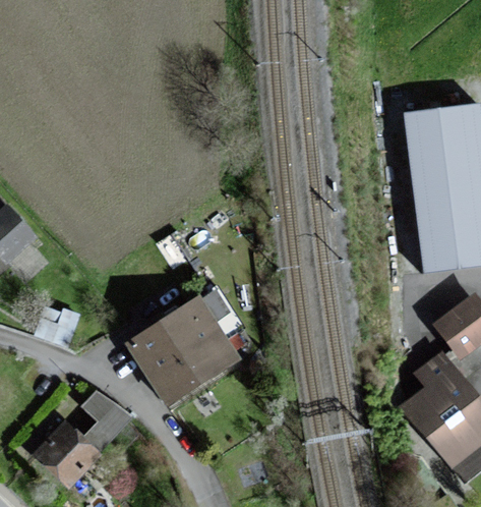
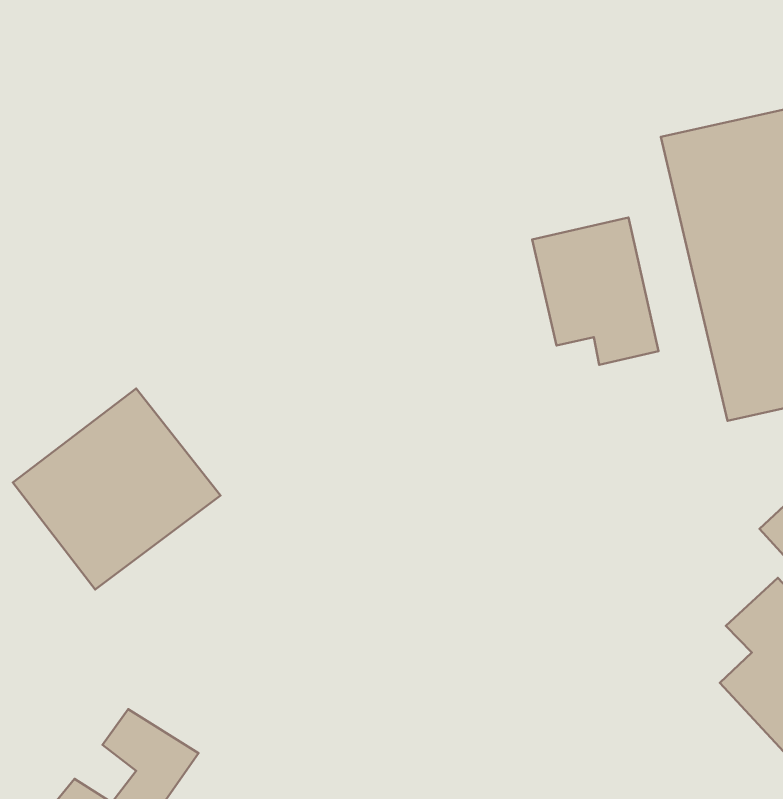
building: none -> [532,218,658,365]
building: [128,298,236,401] -> [13,389,221,589]

